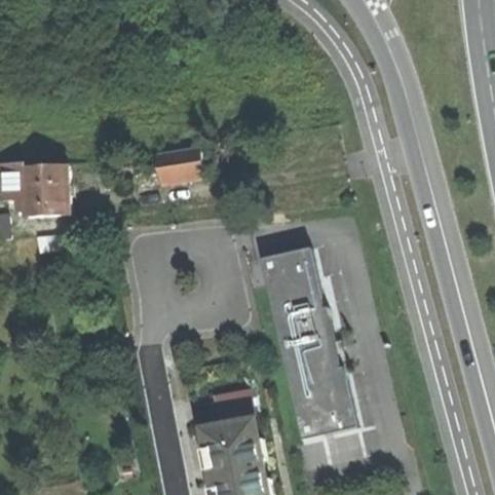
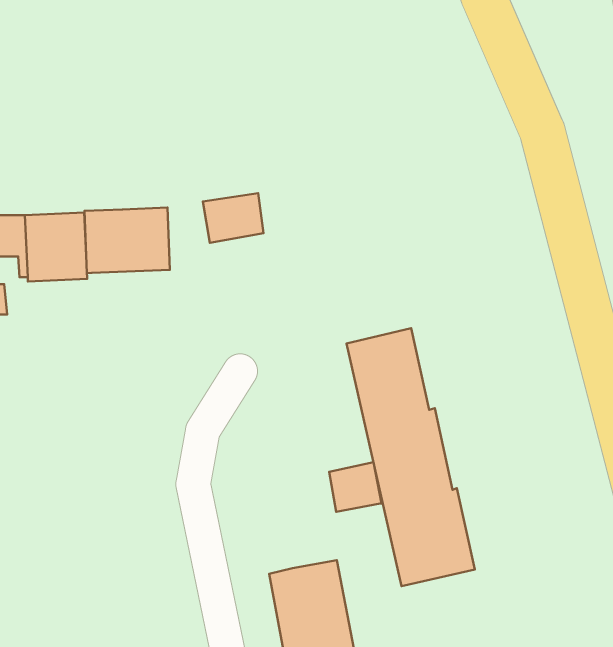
building: none -> [85,207,170,273]
building: [216,389,255,426] -> [329,462,382,512]

